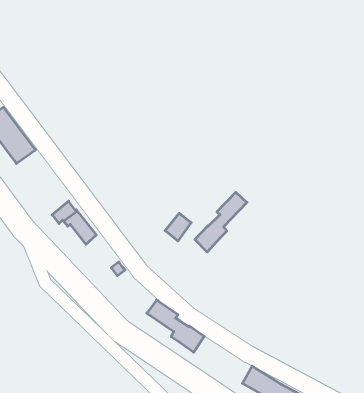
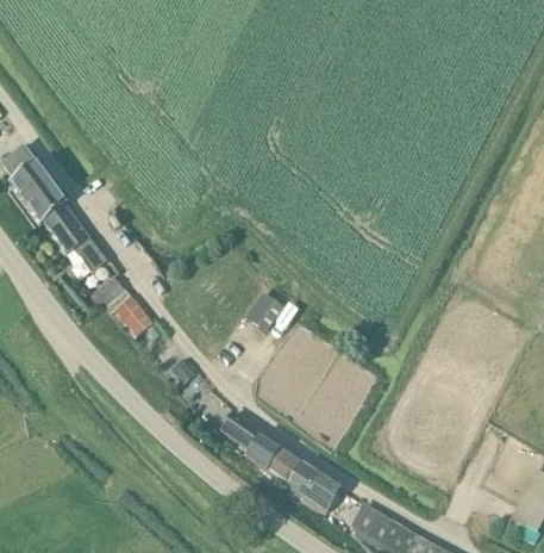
building: none -> [43,207,105,271]
building: [195,192,247,252] -> none
building: none -> [284,462,340,511]

